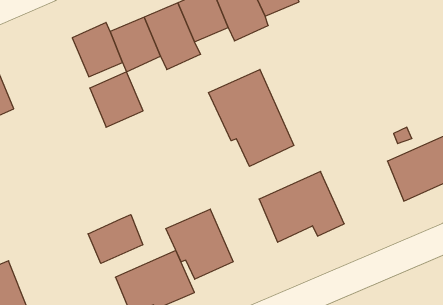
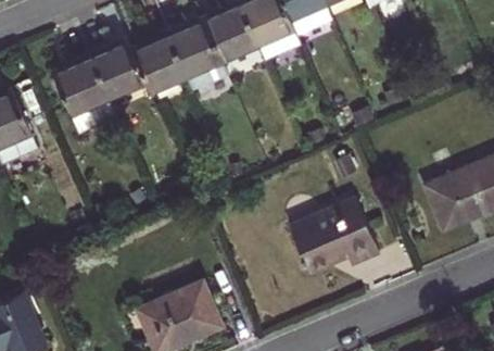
building: [209,69,294,166] -> none
building: [90,72,143,127] -> [53,57,110,115]
building: [166,209,233,279] -> none
building: [88,215,143,263] -> none

